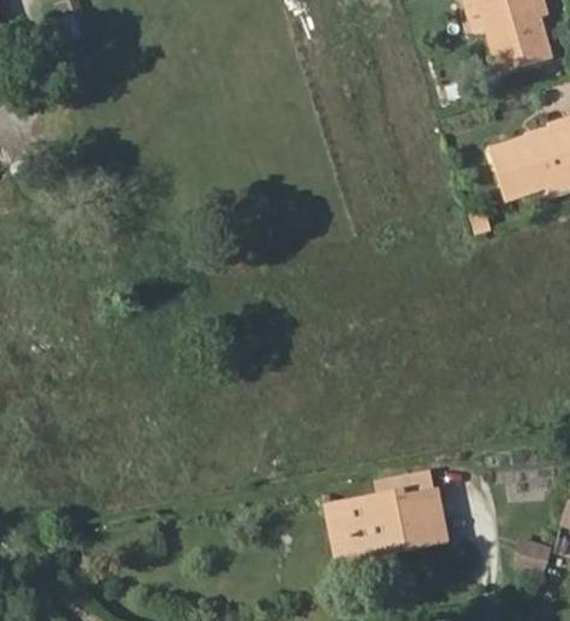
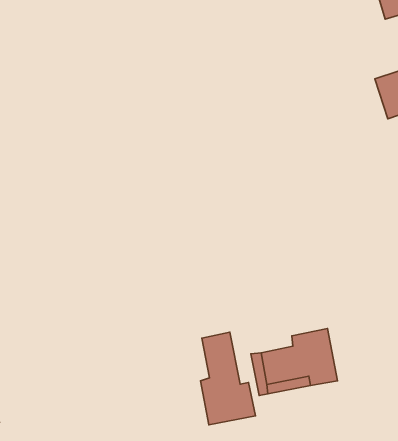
building: none -> [201,332,255,425]

